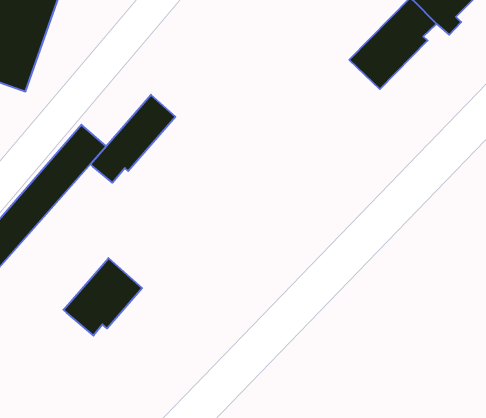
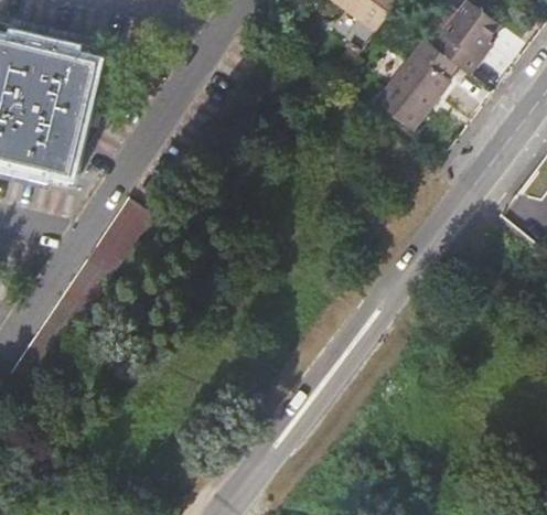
building: [91,95,175,183] -> none
building: [63,258,142,336] -> none

